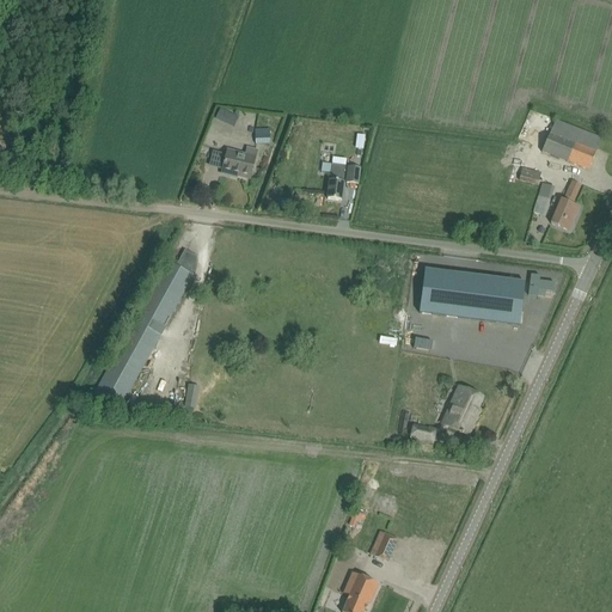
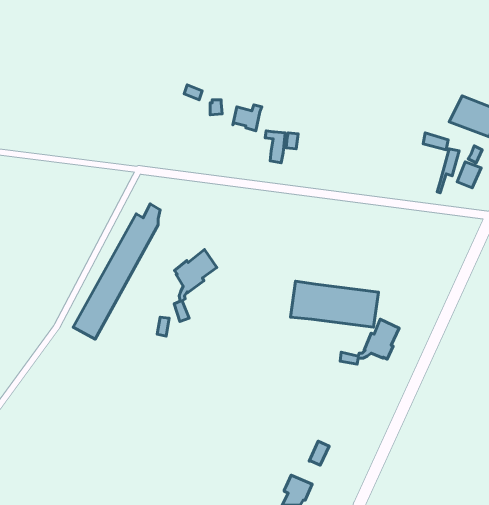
building: [222,146,257,177] -> [233,105,262,131]
building: [420,268,525,323] -> [291,281,379,327]
building: none -> [174,249,217,321]

